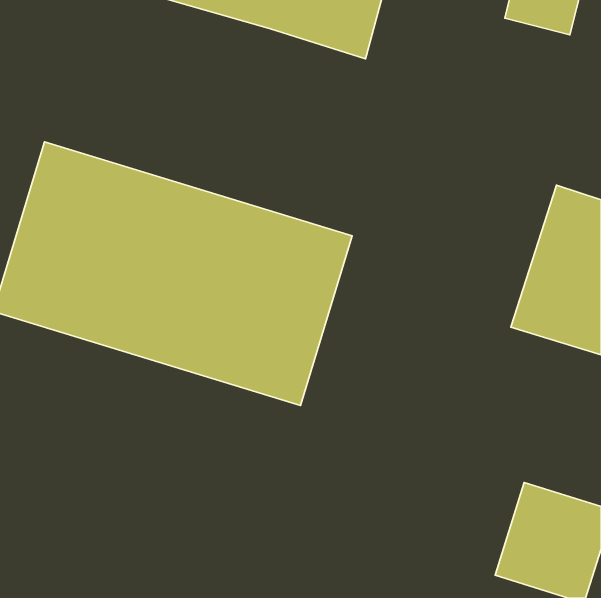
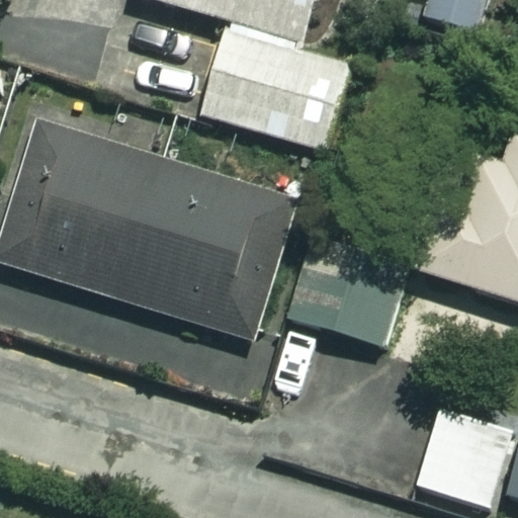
building: none -> [202,24,353,149]
building: none -> [288,255,405,346]

